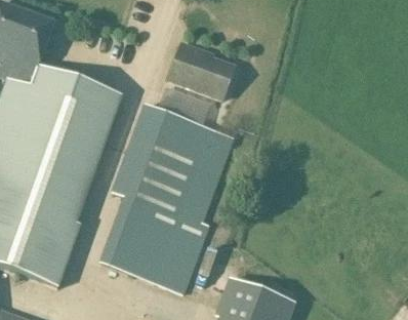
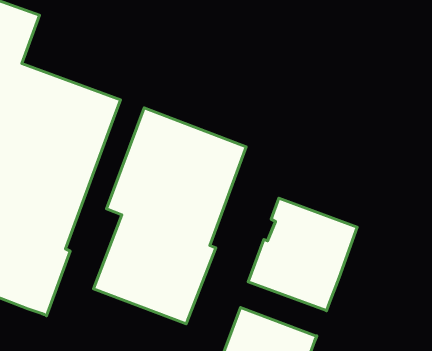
building: [167,41,233,97] -> none
building: none -> [248,198,357,311]

